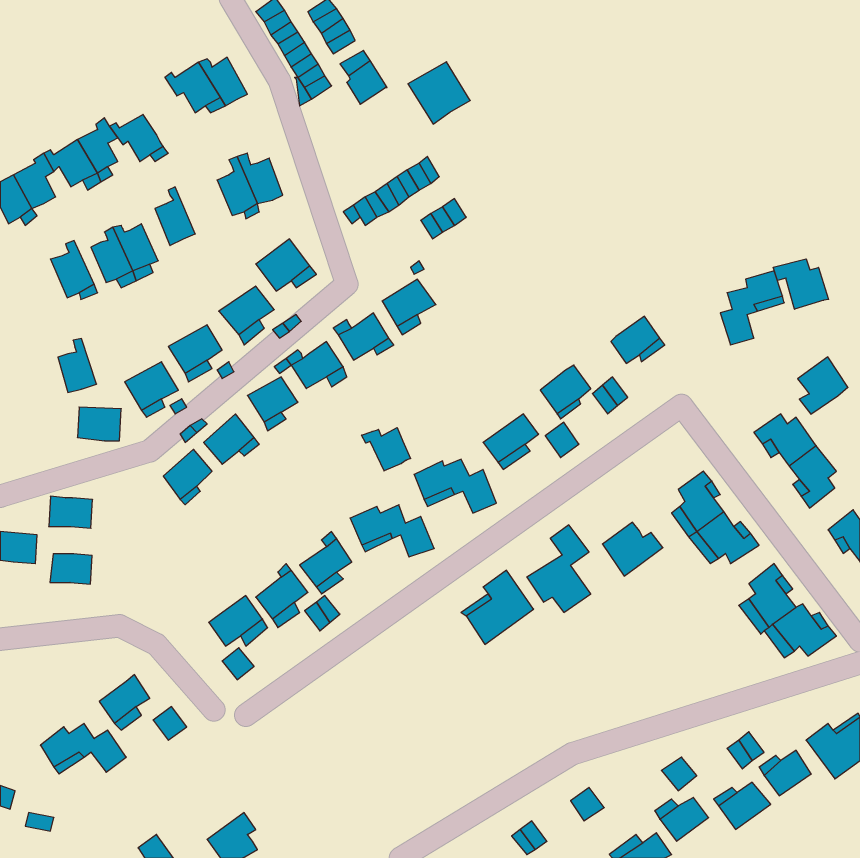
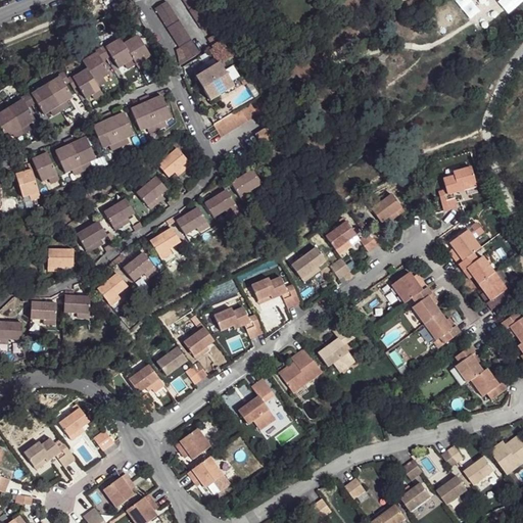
building: [408,62,470,124] -> [195,63,233,101]
building: none -> [82,47,109,82]
building: none -> [106,110,135,142]
building: [773,259,829,309] -> none
building: [58,339,97,392] -> [11,163,35,196]
building: [798,357,848,414] -> [449,228,480,263]
building: [362,428,411,471] -> none
building: [602,522,663,576] -> [390,271,427,303]
building: [50,554,92,584] -> [63,296,89,315]
building: none -> [237,377,276,429]
building: none -> [178,423,215,455]
building: none -> [185,455,222,487]
building: none -> [103,472,135,507]

